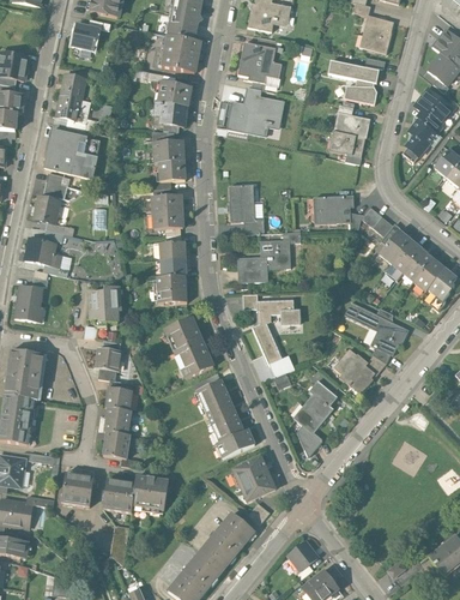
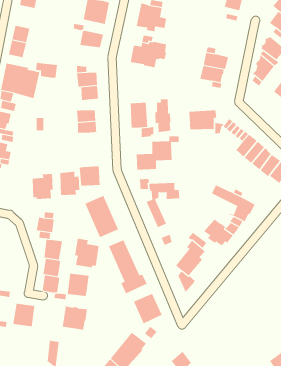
building: [332,60,379,104] -> none
building: [155,102,187,125] -> [35,62,58,78]
building: none -> [155,98,171,133]
building: [161,241,190,276] -> [59,171,80,196]
building: none -> [75,238,99,268]
building: [103,478,135,511] -> [67,273,90,297]

